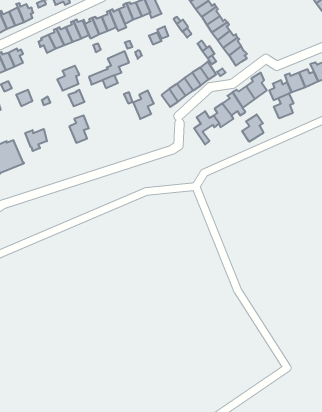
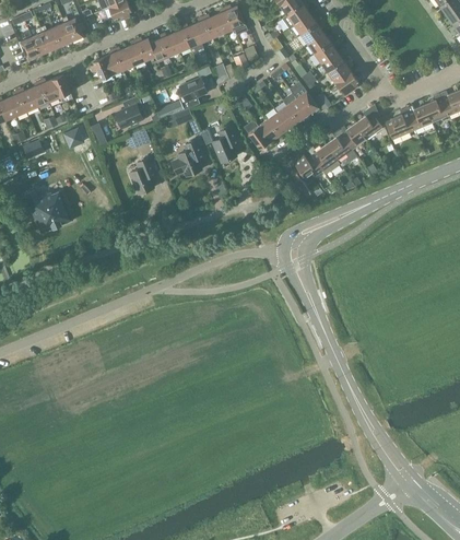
building: [274,93,293,118] -> none
building: none -> [169,141,204,177]
building: [242,114,263,142] -> none
building: [25,129,47,151] -> none

